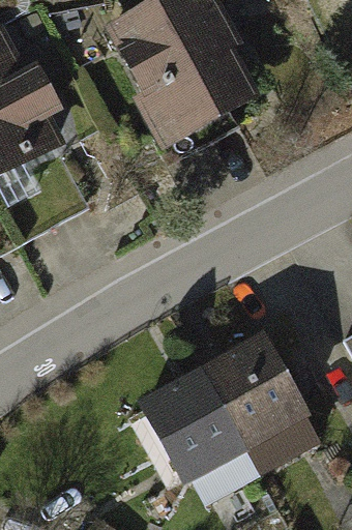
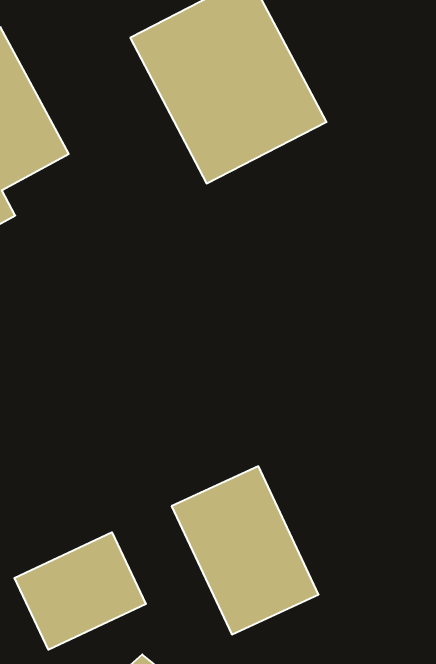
building: [204,332,318,463] -> none
building: none -> [14,532,146,650]

